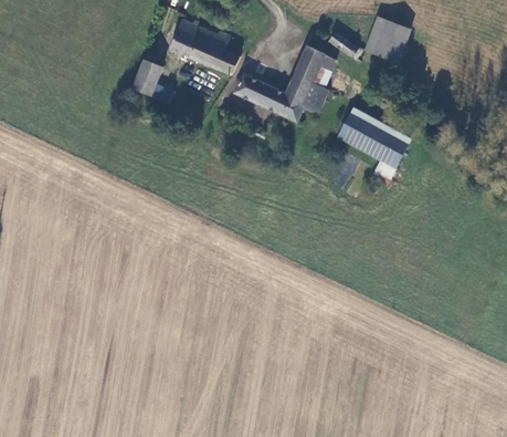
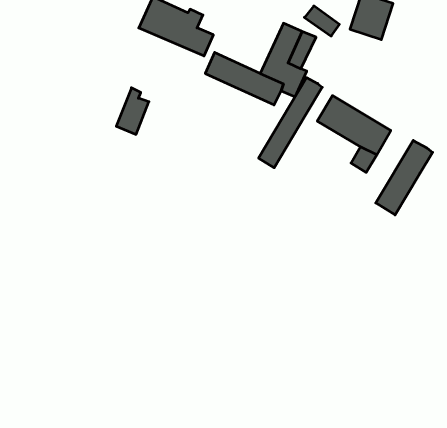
building: [131,53,162,97] -> [116,88,149,134]
building: none -> [259,78,322,168]
building: none -> [376,140,433,215]

